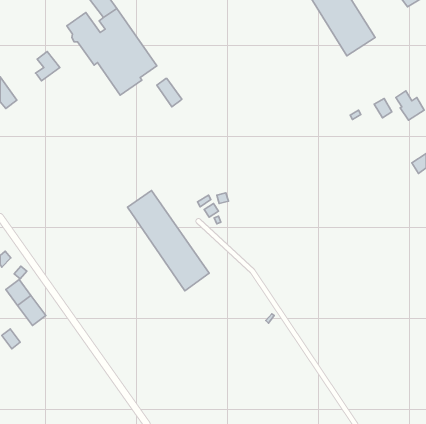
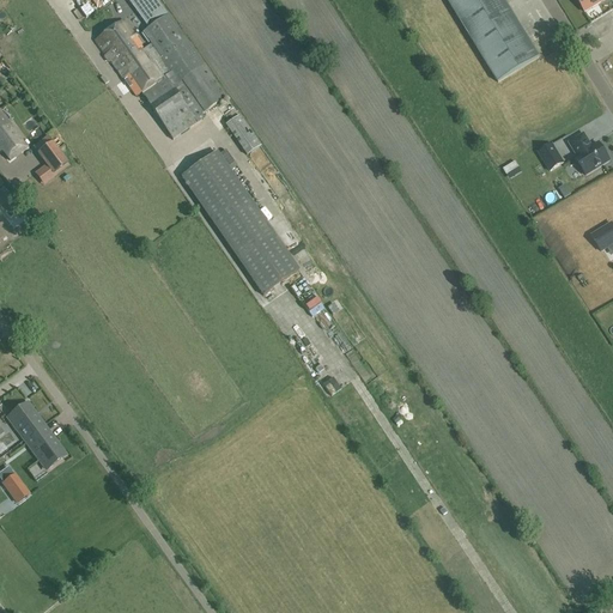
building: [36,52,60,81] -> [35,140,69,182]
building: [127,191,209,291] -> [181,150,298,293]

